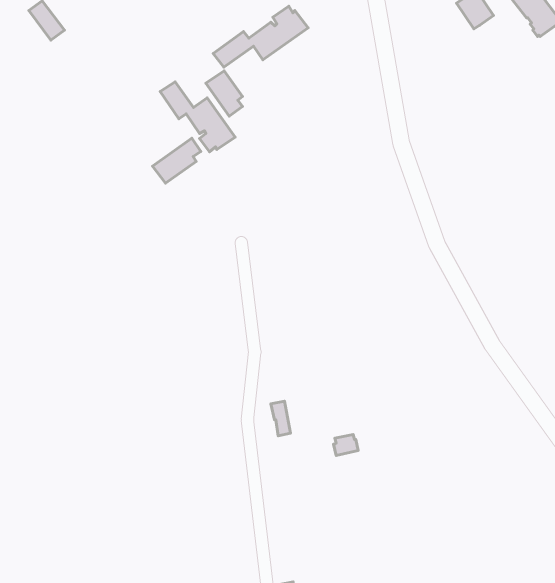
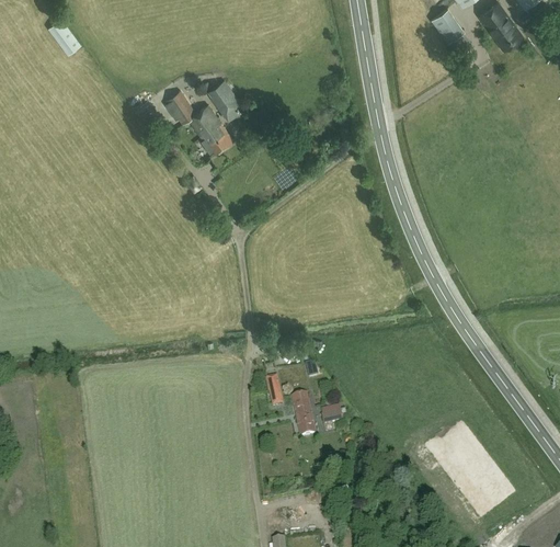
building: [213,6,308,67] -> none
building: [153,138,201,183] -> none
building: none -> [292,392,315,436]

